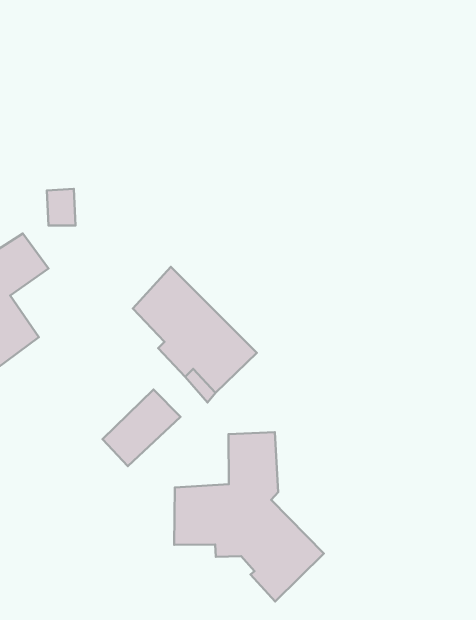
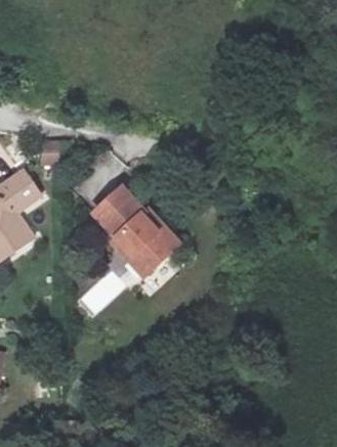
building: [174,432,324,602] -> none

